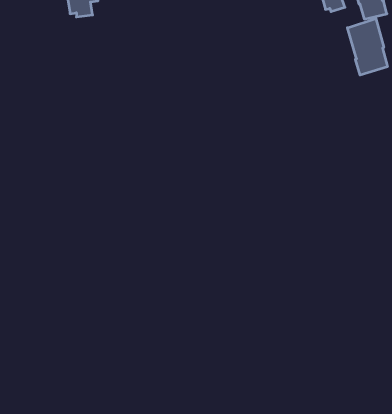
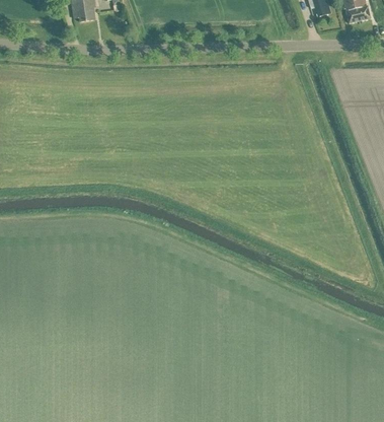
building: [347,19,387,75] -> none

